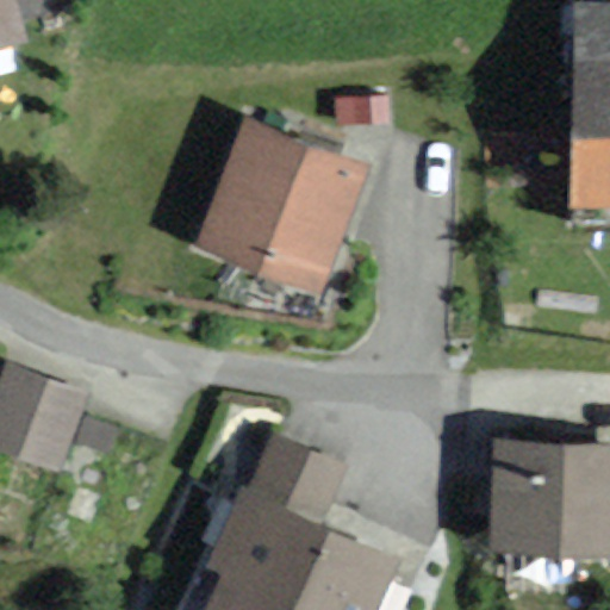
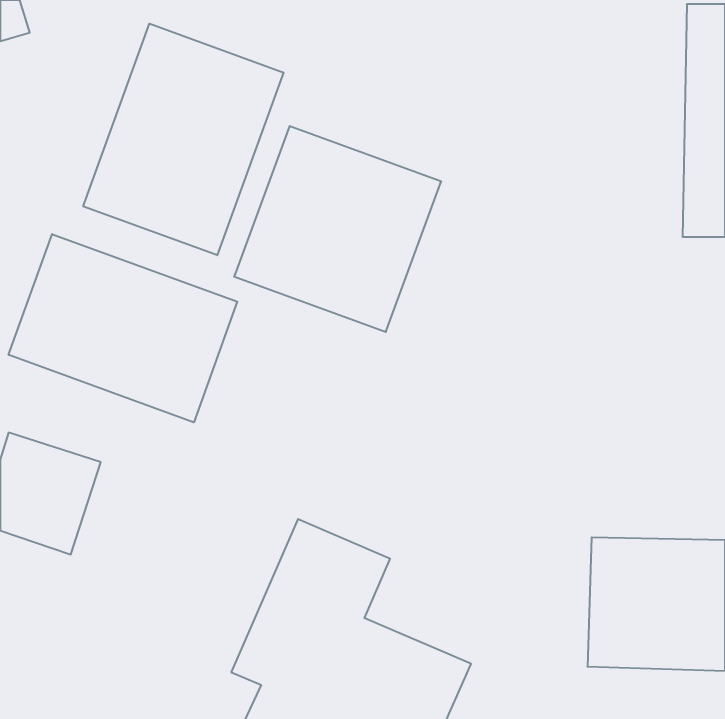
building: none -> [83,24,283,255]
building: none -> [9,234,237,422]

